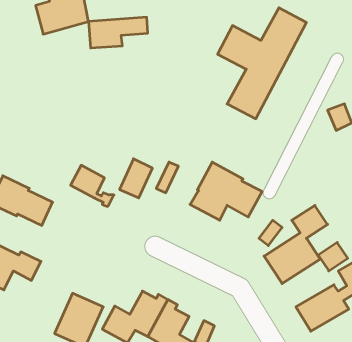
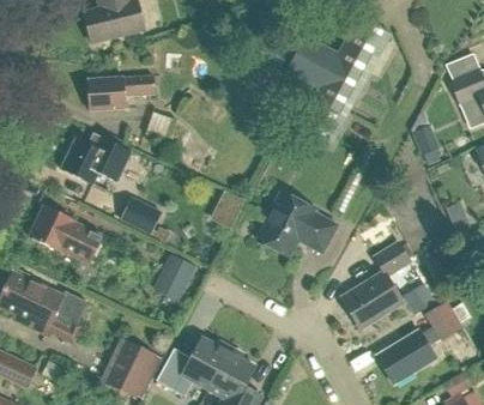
building: [89,17,148,48] -> [87,75,155,110]
building: none -> [62,139,128,183]
building: [120,159,152,198] -> [155,254,192,298]

